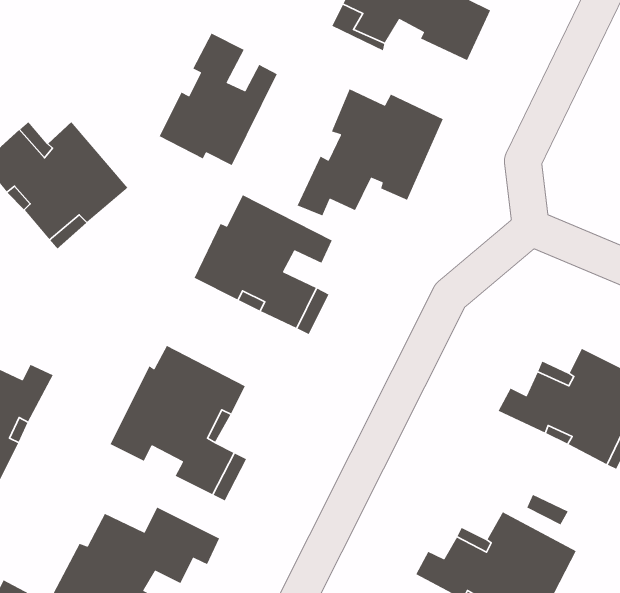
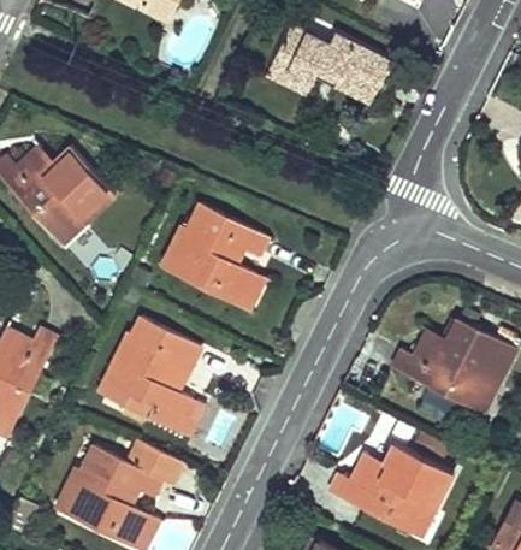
building: [159,33,278,166] -> none
building: [296,88,444,217] -> none

